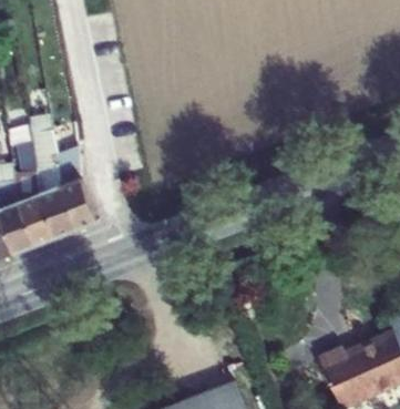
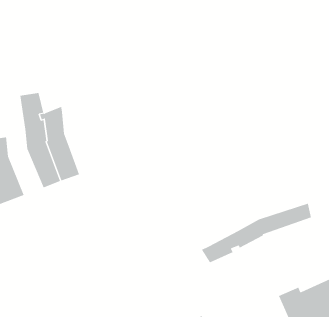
building: [16,141,58,245] -> none
building: none -> [201,203,311,263]

